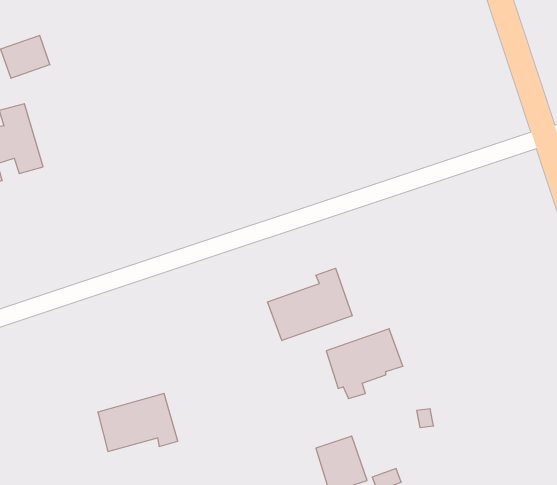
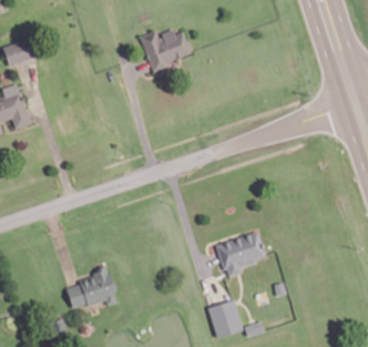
building: none -> [140,30,190,71]
building: [267,268,352,341] -> none

